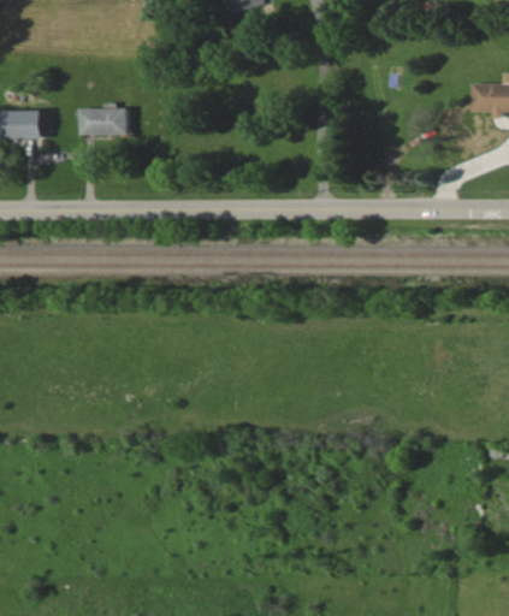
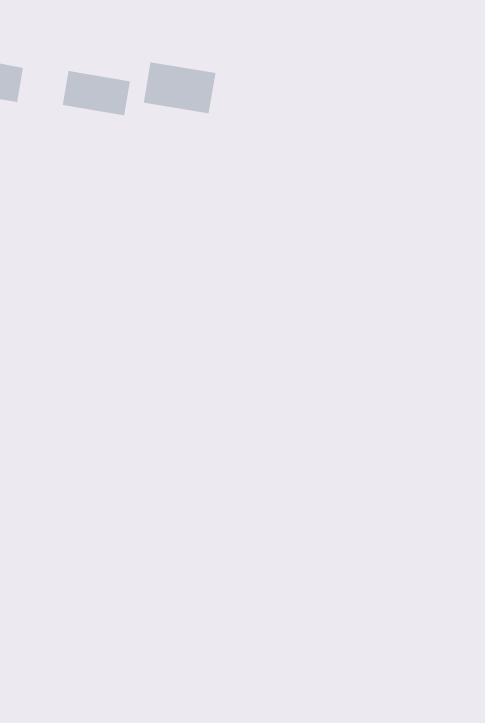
building: none -> [143,61,216,114]

